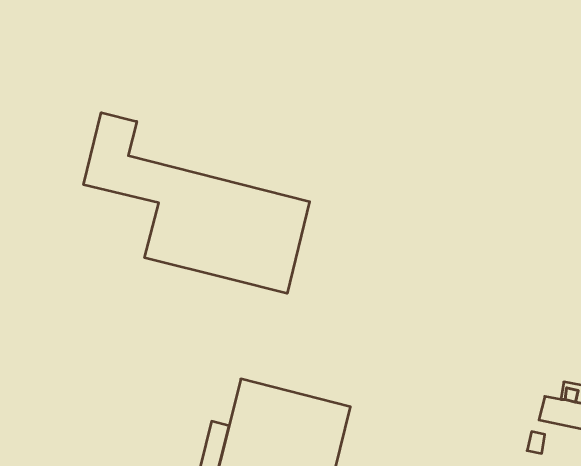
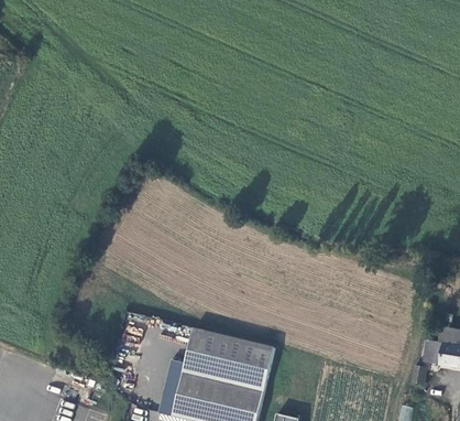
building: [84,113,310,293] -> none

